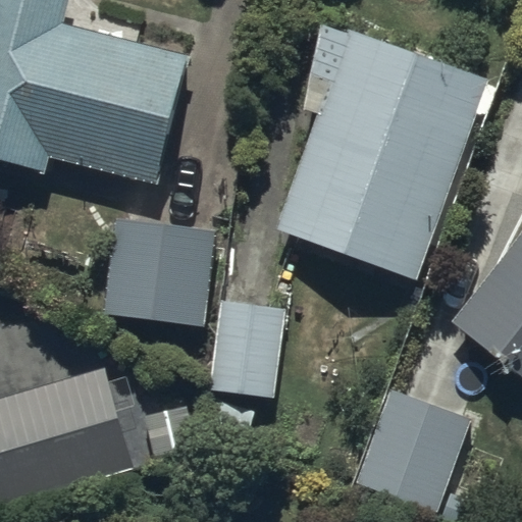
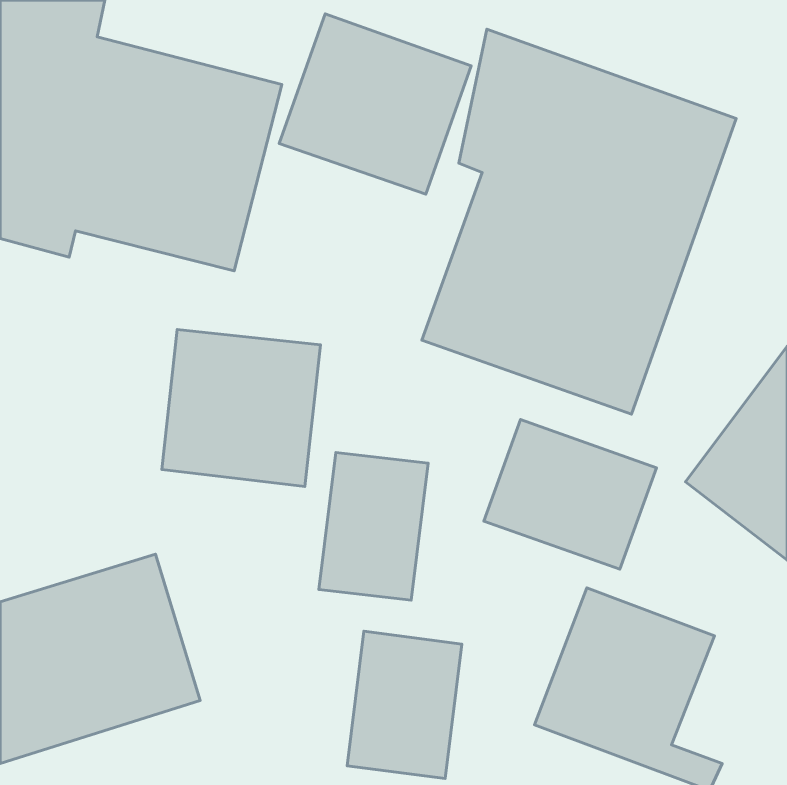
building: none -> [279,14,471,194]
building: none -> [484,420,657,569]
building: none -> [347,631,462,779]

